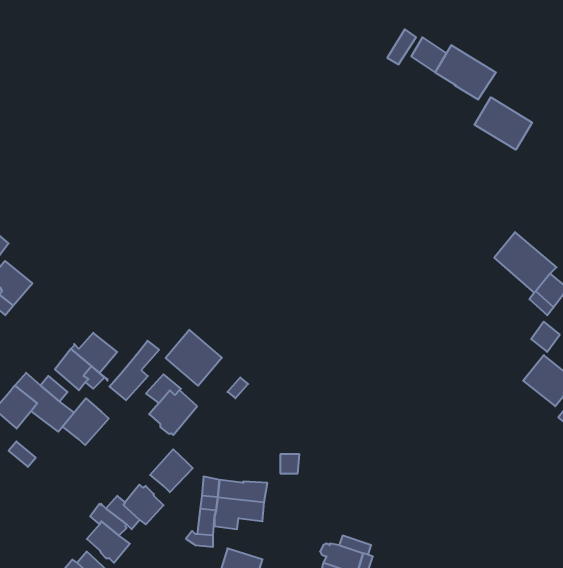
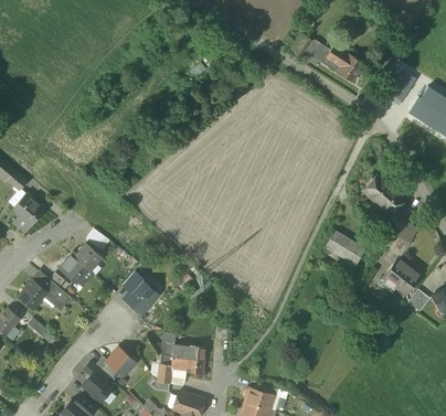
building: [474,97,532,150] -> none
building: none -> [325,231,364,269]
building: [166,330,222,386] -> none
building: [109,341,159,400] -> none
building: [62,398,109,445] -> none
building: [150,449,193,492] -> none

